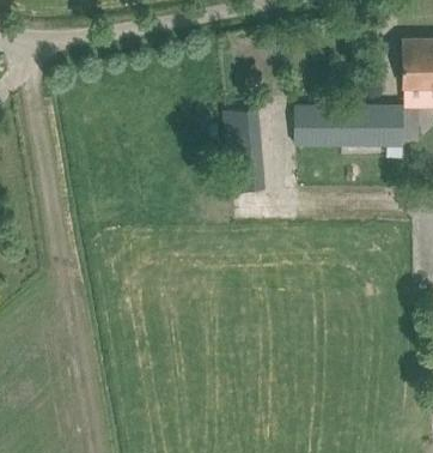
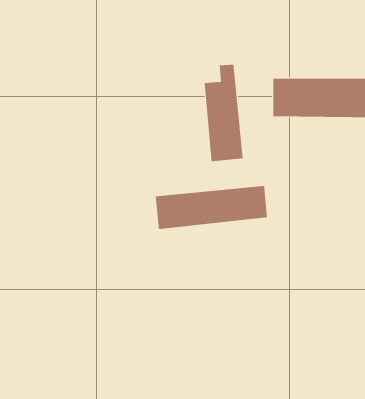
building: none -> [155,185,268,230]

